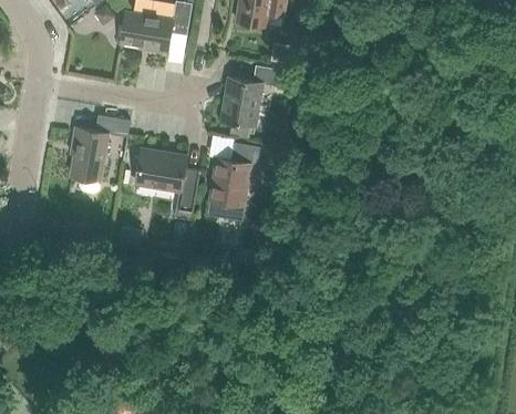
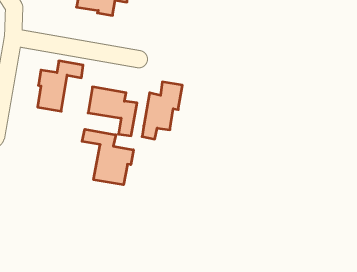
building: [221,65,286,126] -> none
building: none -> [82,129,133,185]

